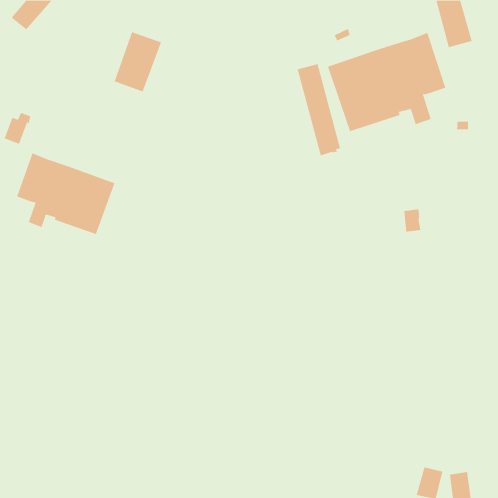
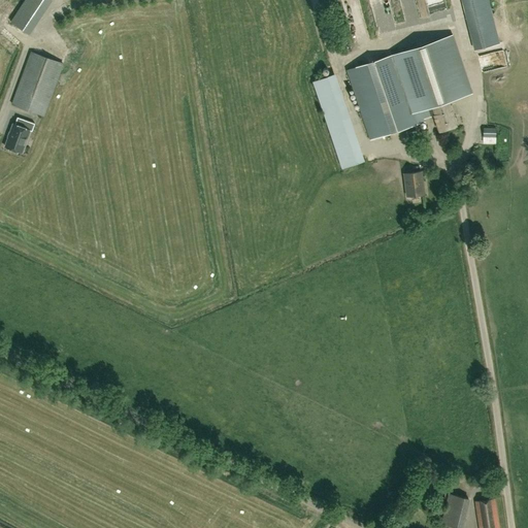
building: [114,32,162,92] -> [11,53,62,117]
building: [16,153,115,235] -> none
building: [404,209,421,232] -> [403,172,422,197]

